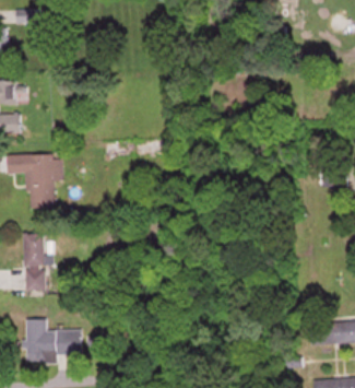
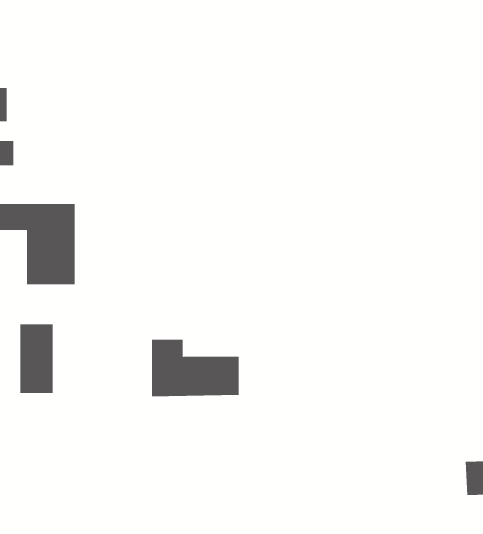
building: [25,319,82,356] -> [151,339,240,397]

